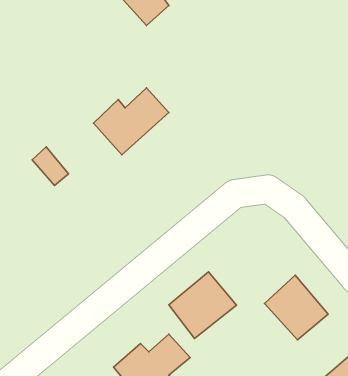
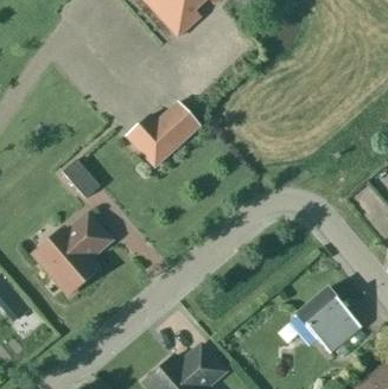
building: none -> [36,215,108,289]
building: [169,272,236,338] -> none

